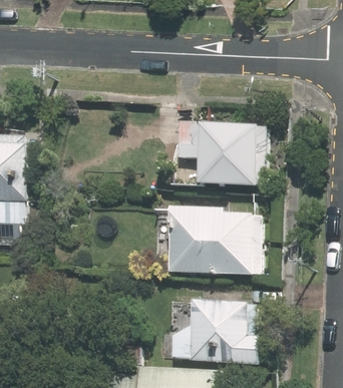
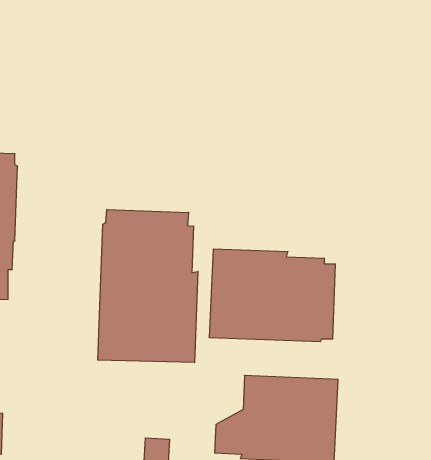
building: [175,121,265,186] -> none
building: none -> [98,209,198,363]

